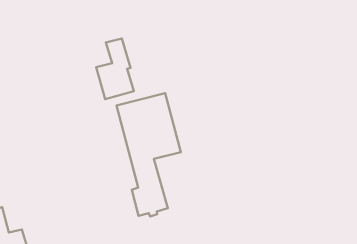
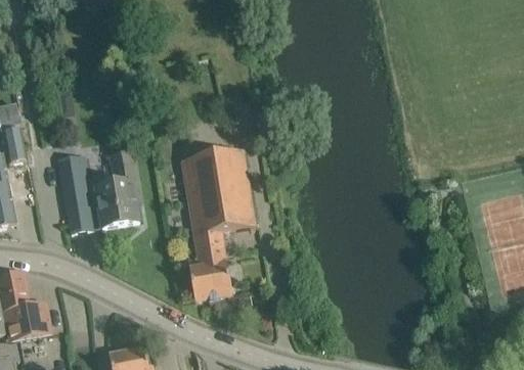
building: [96,39,134,99] -> [94,152,138,226]
building: none -> [57,154,91,231]

